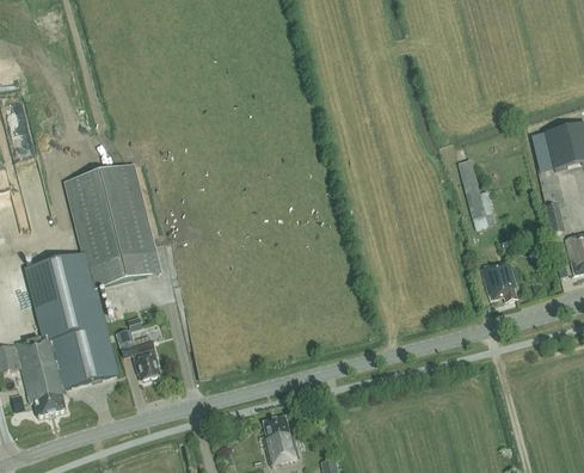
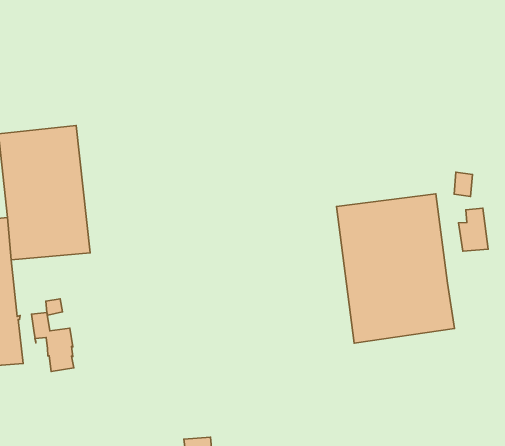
building: none -> [337,194,454,343]
building: [481,259,516,300] -> none

